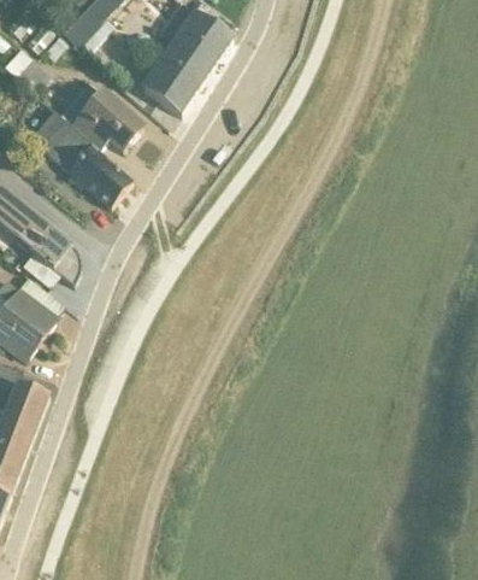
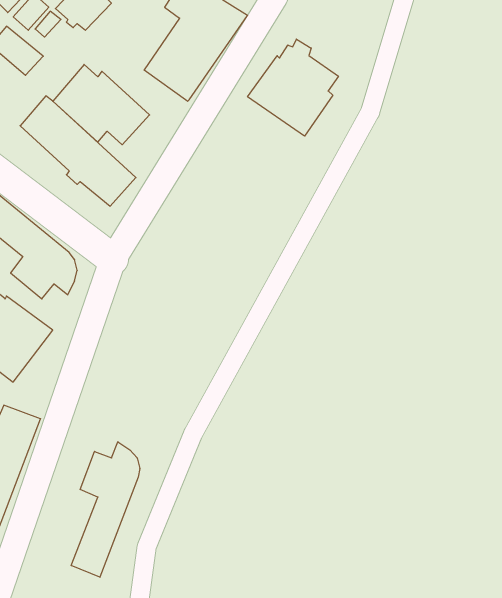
building: none -> [248,39,338,136]
building: none -> [71,442,140,577]

